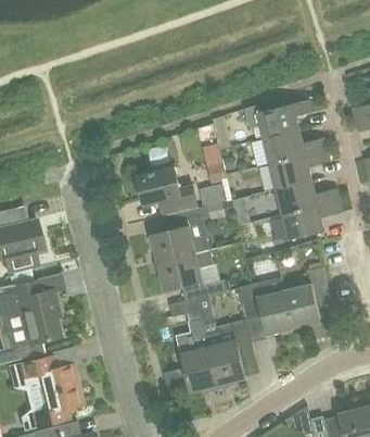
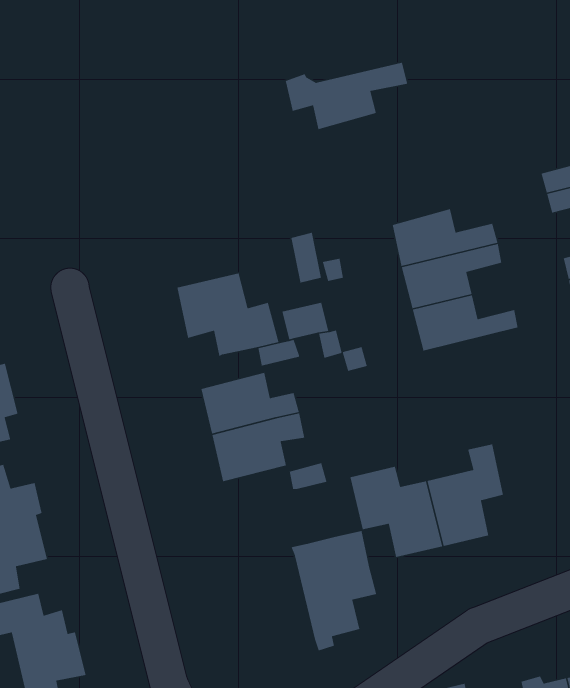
building: [244,98,317,138] -> [285,62,408,130]
building: [282,199,342,239] -> none
building: [169,297,220,392] -> none

